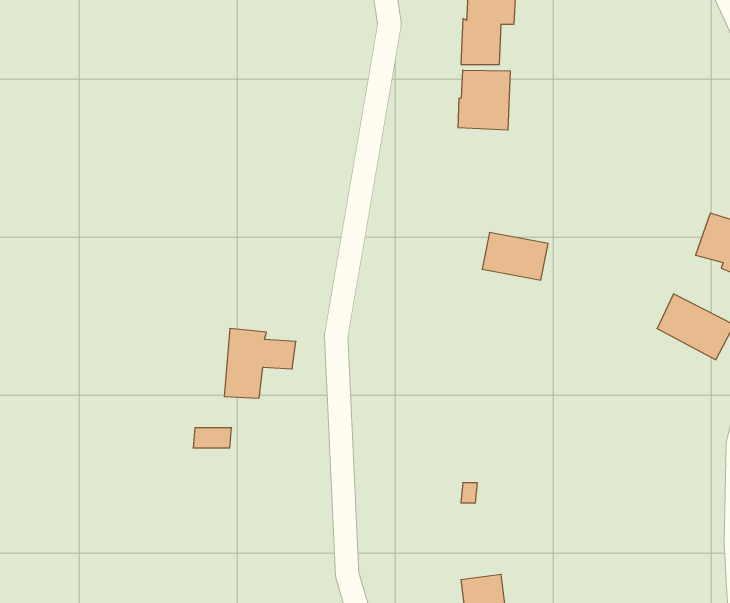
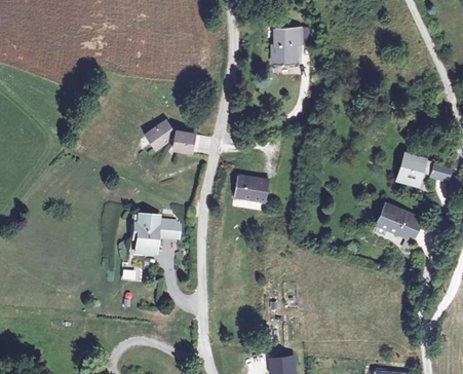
building: [458,70,510,130] -> none
building: none -> [144,121,193,152]
building: [482,232,548,280] -> [234,176,271,202]

